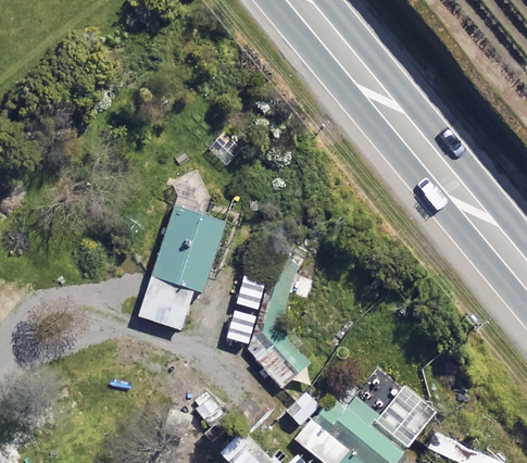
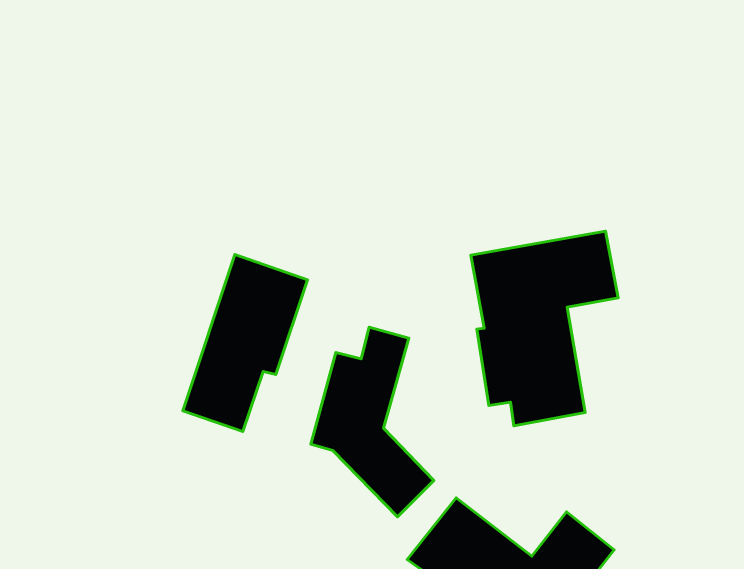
building: none -> [471,231,618,426]

